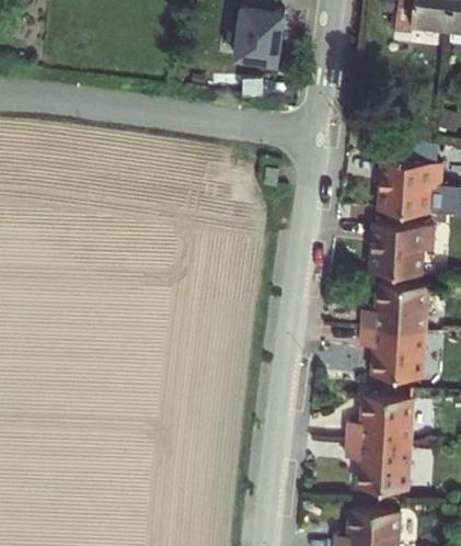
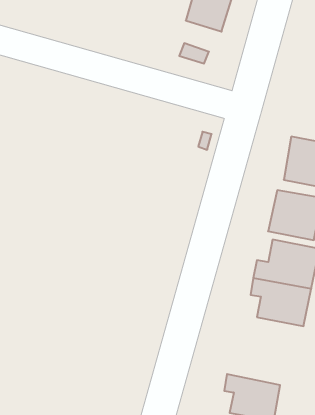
building: [346,401,411,450] -> none

